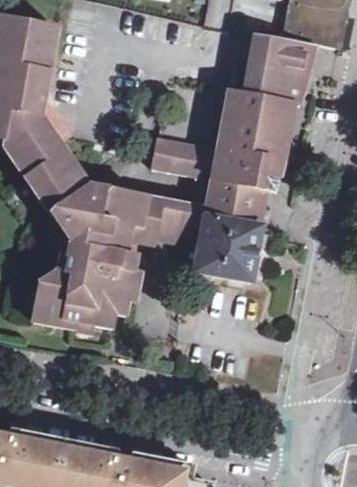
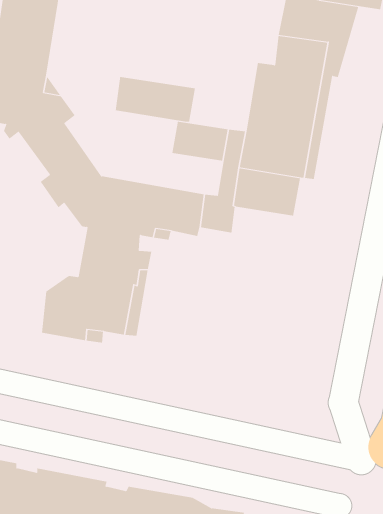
building: none -> [115,76,196,122]
building: [199,211,263,276] -> none

